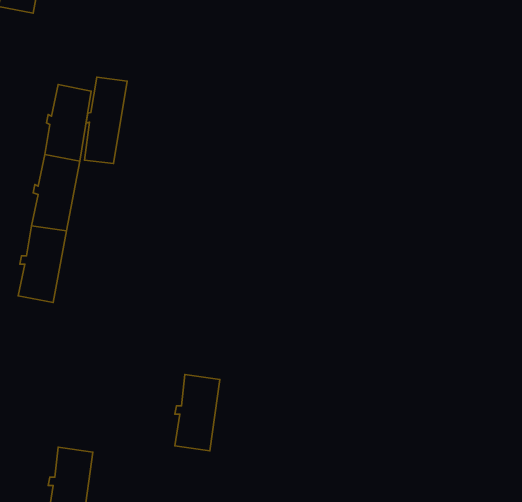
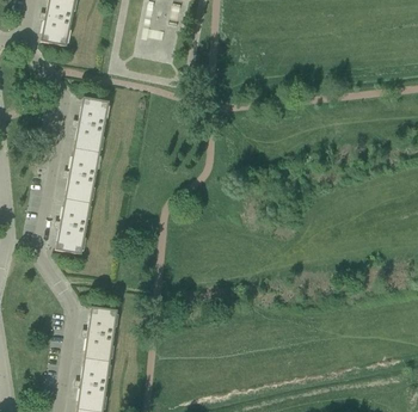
building: [84,77,127,164] -> none
building: [175,374,220,451] -> [84,306,116,361]

